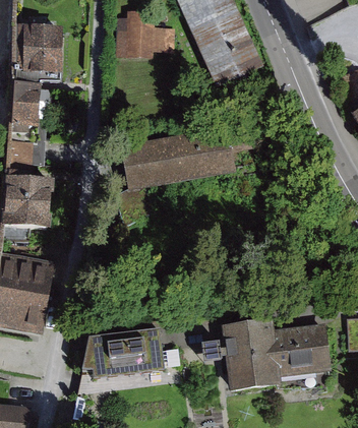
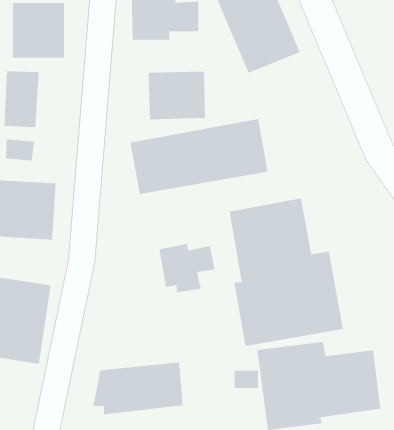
building: none -> [148,71,206,120]
building: none -> [229,197,344,347]
building: none -> [159,243,215,293]

